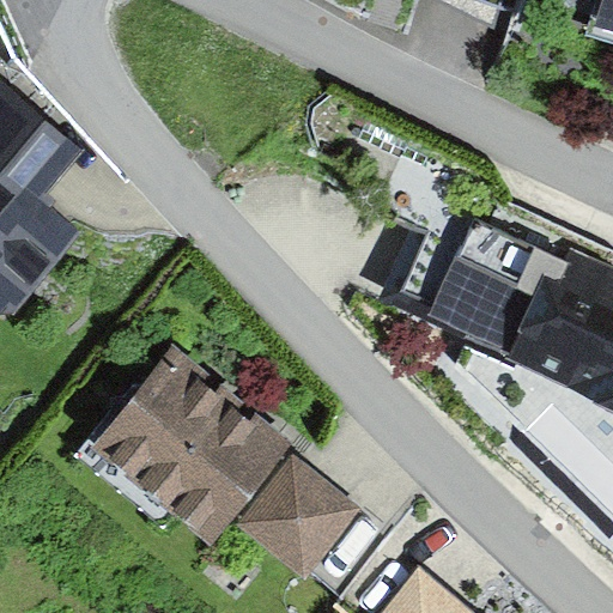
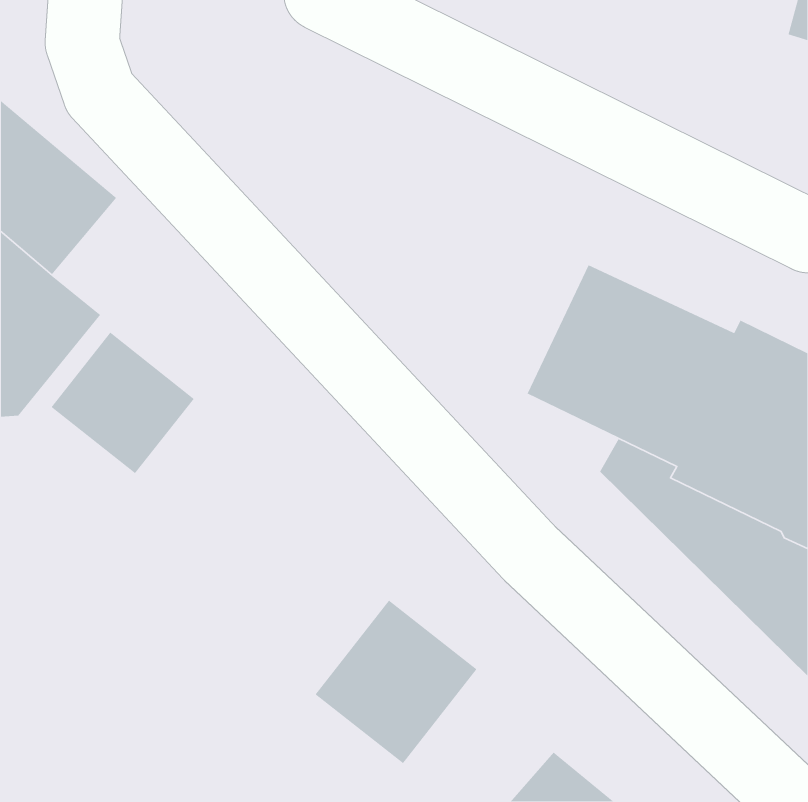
building: none -> [51,332,195,474]
building: [91,348,295,548] -> none

